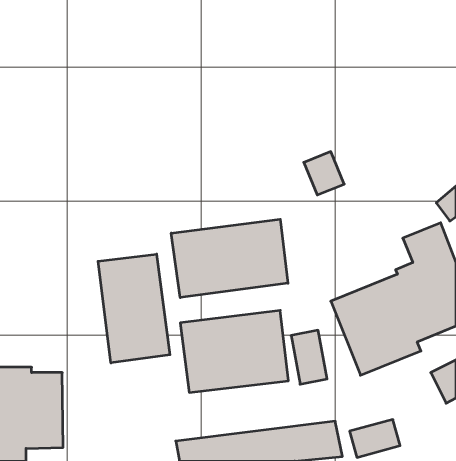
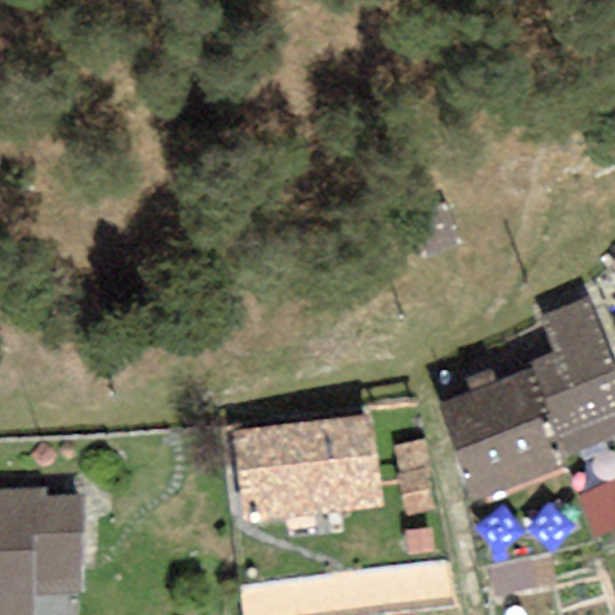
building: [171,219,288,298] -> none
building: [98,254,170,363] -> none

